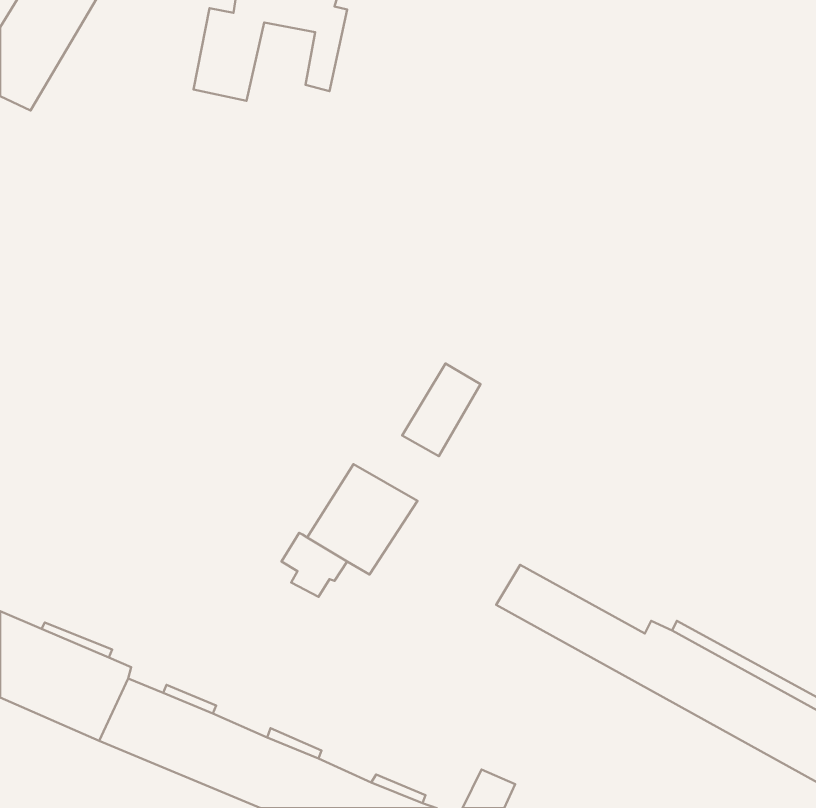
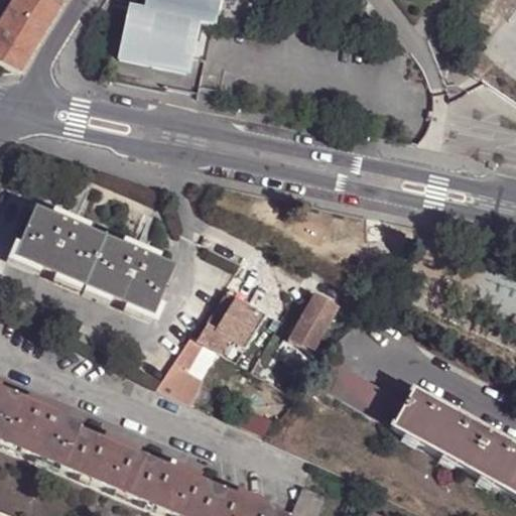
building: none -> [156,14,200,71]
building: none -> [12,205,173,317]
building: [402,363,481,456] -> [288,292,338,351]
building: none -> [157,354,204,404]

